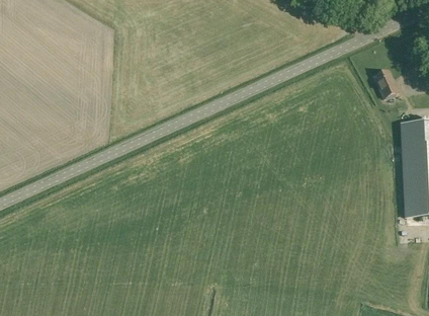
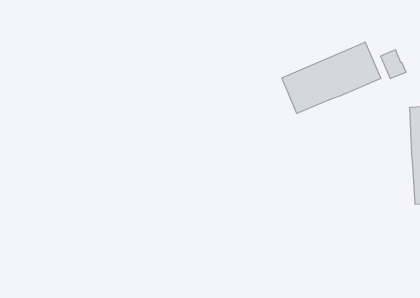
building: none -> [282,42,381,114]

